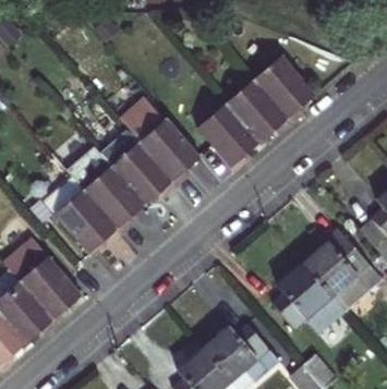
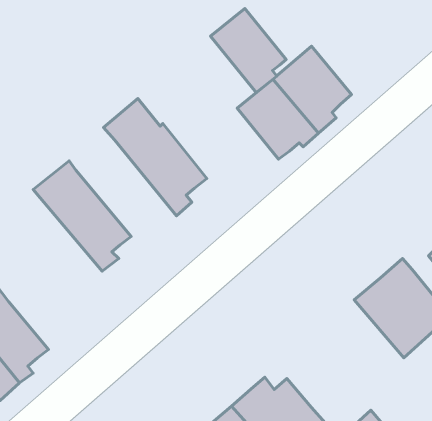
building: [195,106,255,172] -> [211,9,286,93]
building: [95,131,174,207] -> none
building: [39,177,116,253] -> none
building: [287,257,354,326] -> none

